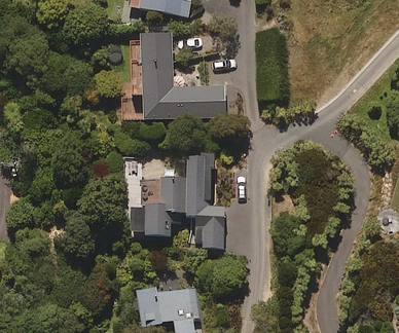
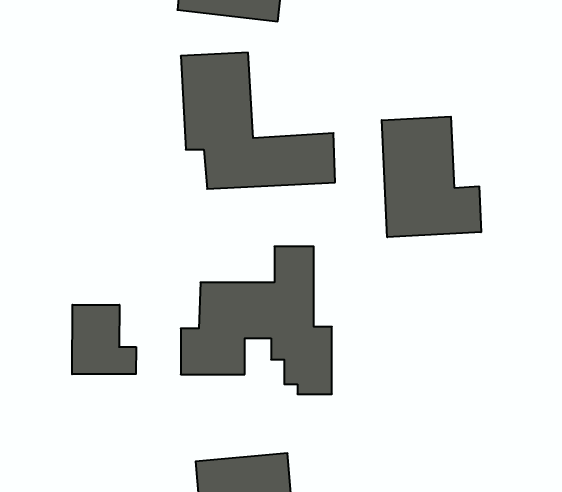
building: none -> [382,117,481,237]
building: none -> [72,305,136,374]

